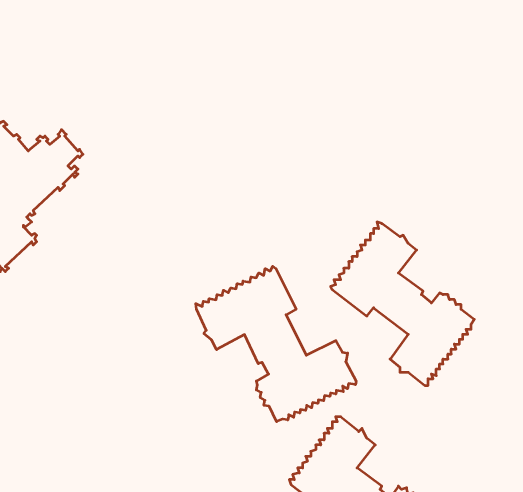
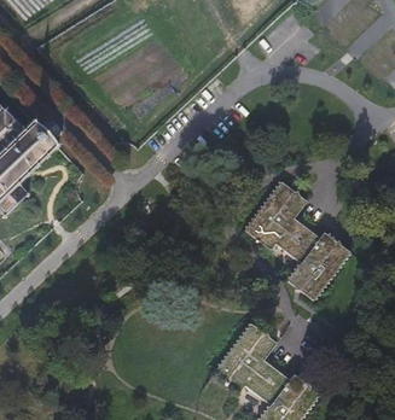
building: [196,266,356,422] -> none

